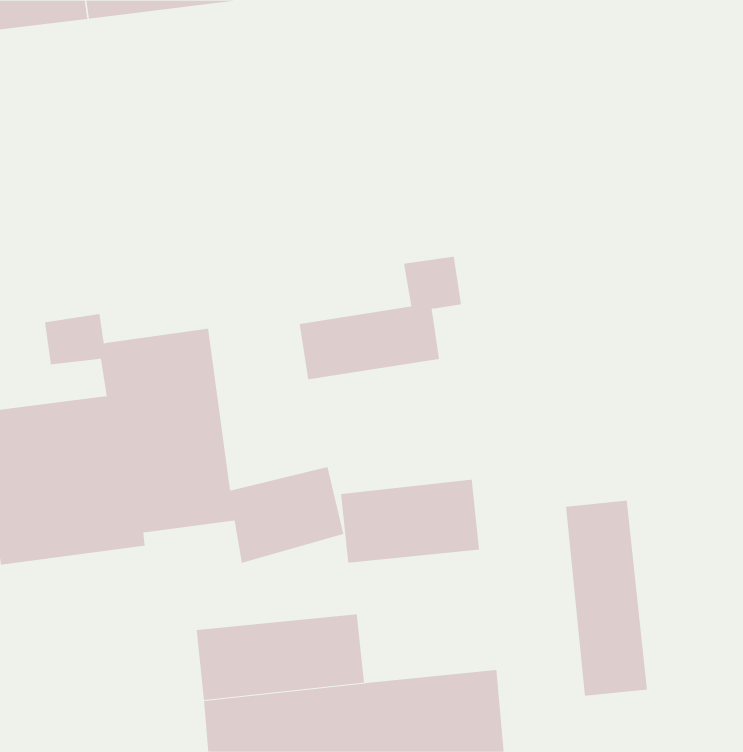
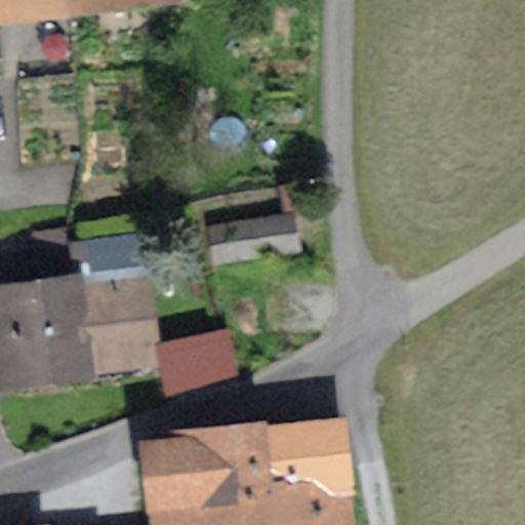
building: [340,479,480,563] -> [249,417,347,476]
building: [565,500,647,697] -> none

